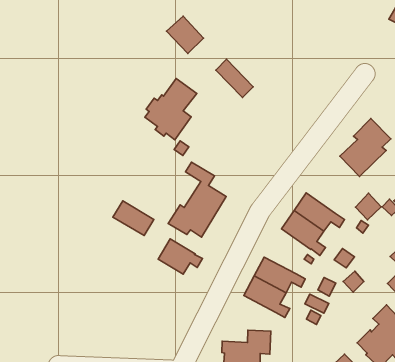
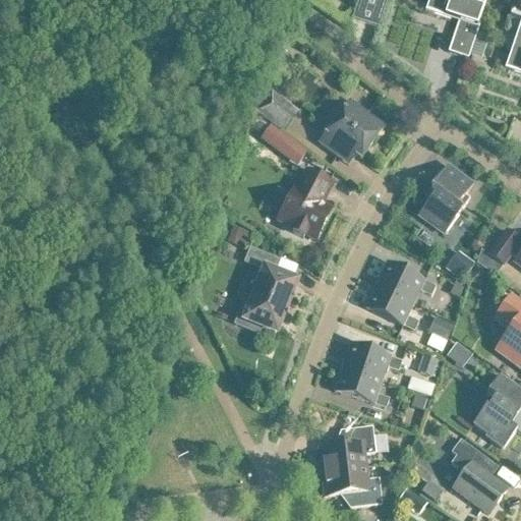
building: [166,16,204,54] -> [255,88,299,129]
building: none -> [320,99,384,156]
building: [145,79,197,140] -> [278,167,333,237]
building: [113,201,154,236] -> none
building: [158,239,202,274] -> none

